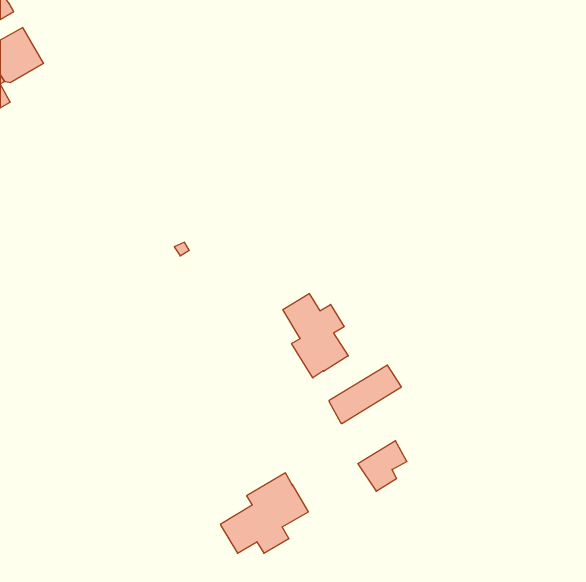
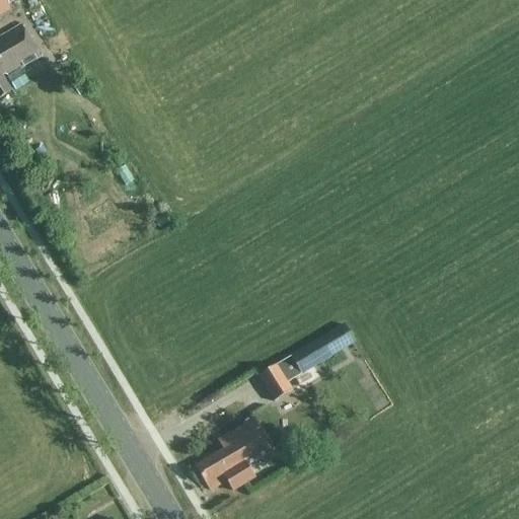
building: [283,294,348,378] -> none
building: [358,441,407,491] -> [257,355,301,399]

